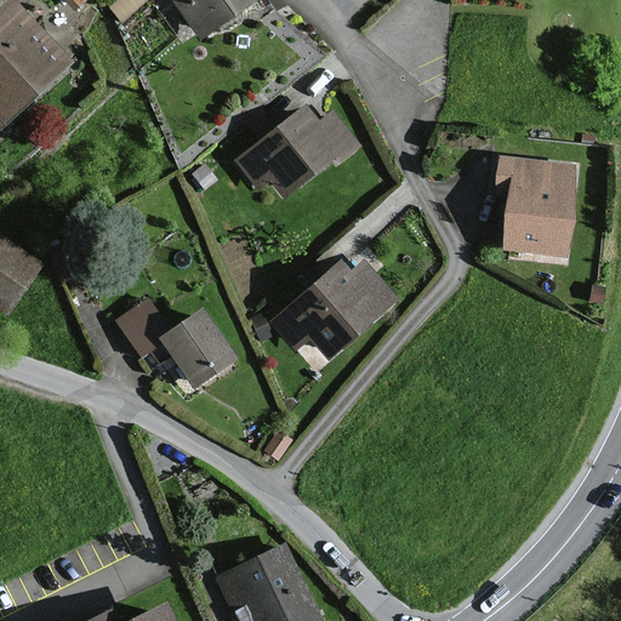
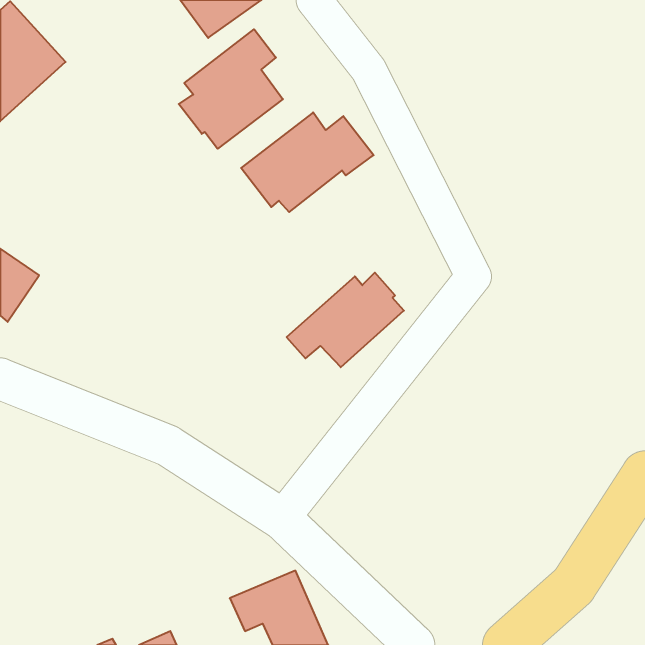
building: none -> [179,29,283,149]
building: [496,159,572,252] -> none
building: [121,304,230,383] -> none

